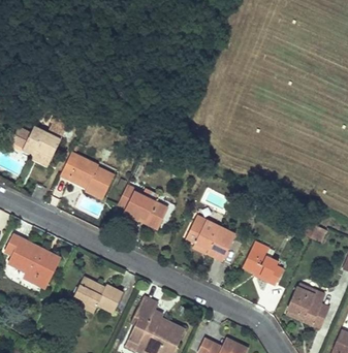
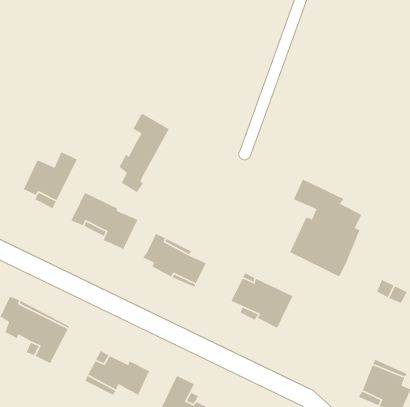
building: none -> [118,112,170,193]
building: none -> [289,178,363,278]
building: [243,249,283,285] -> none

